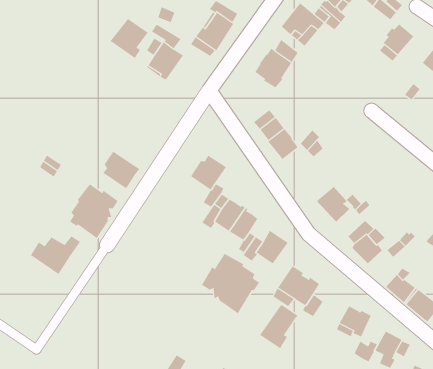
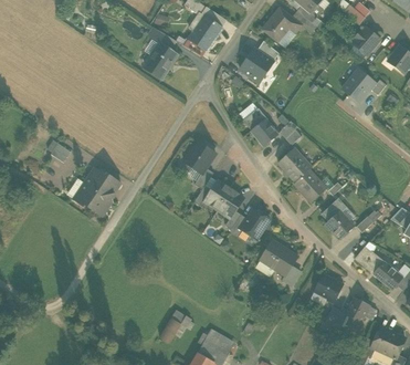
building: [110,18,149,59] -> none
building: none -> [341,67,375,102]
building: [102,151,140,189] -> none
building: none -> [278,147,312,181]
building: [30,235,81,275] -> none
building: [201,253,260,314] -> none
building: [259,304,298,349] -> none

